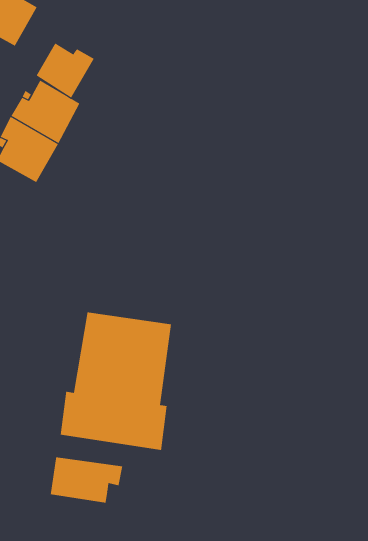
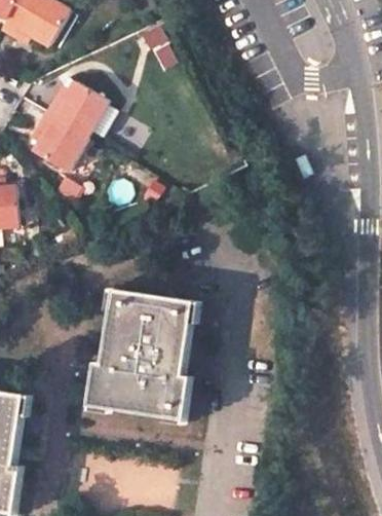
building: [36,43,94,98] -> none
building: [50,456,123,503] -> none

